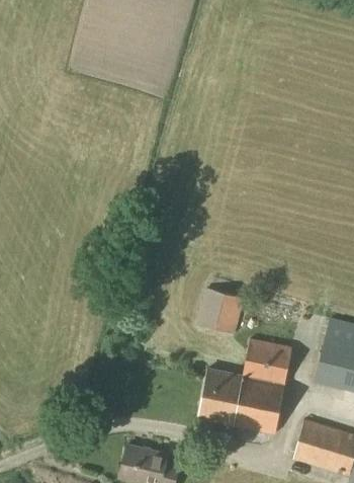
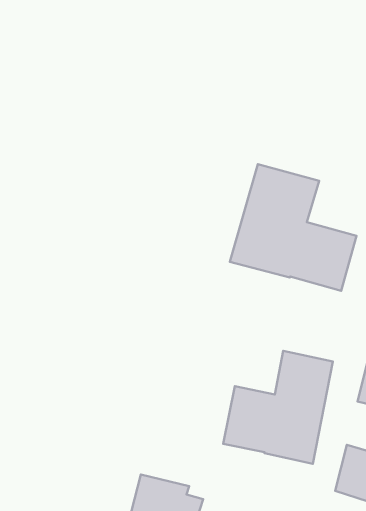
building: none -> [230,164,356,291]
building: [196,288,245,334] -> none

